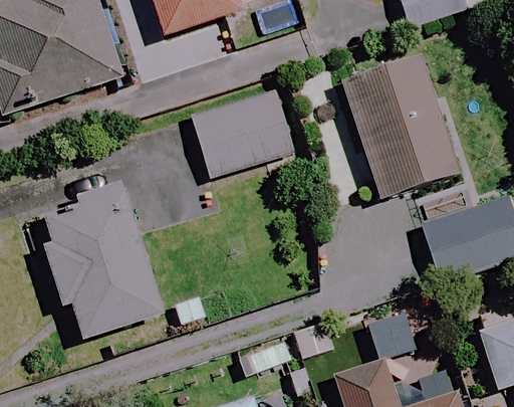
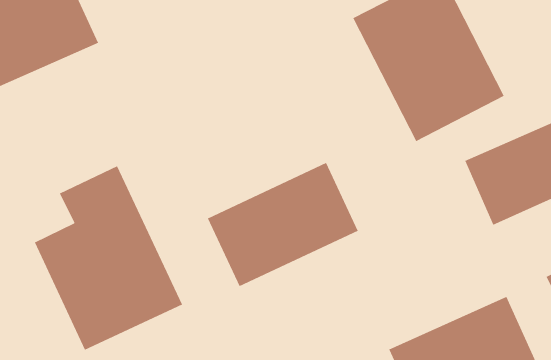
building: [191,90,293,176] -> none
building: none -> [207,162,359,287]

